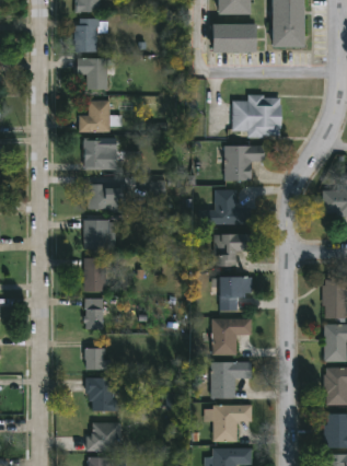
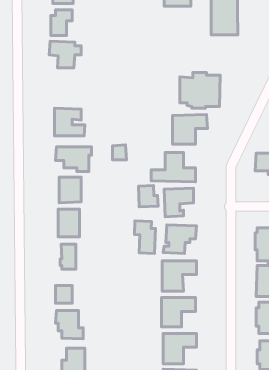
building: [210,26,253,55] -> none
building: [79,100,123,131] -> none
building: none -> [138,186,158,207]
building: none -> [134,221,156,254]

